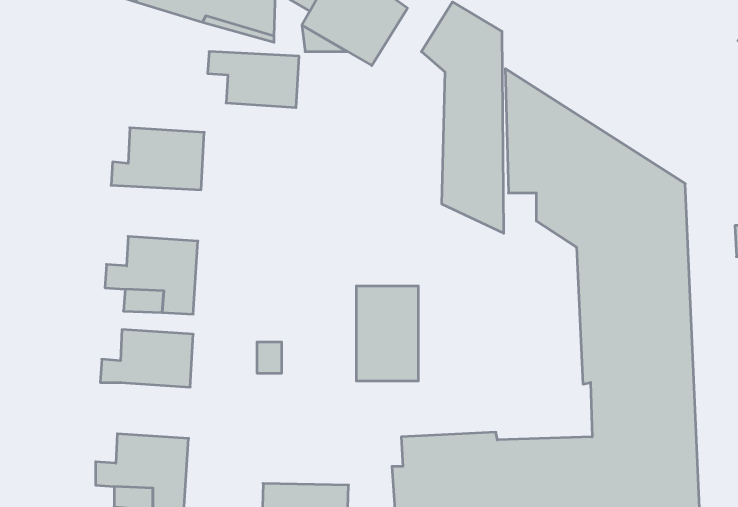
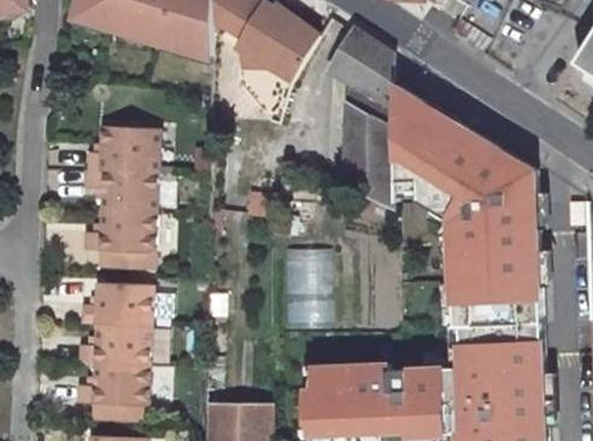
building: [208,52,299,108] -> [87,171,158,214]
building: none -> [77,324,149,367]

